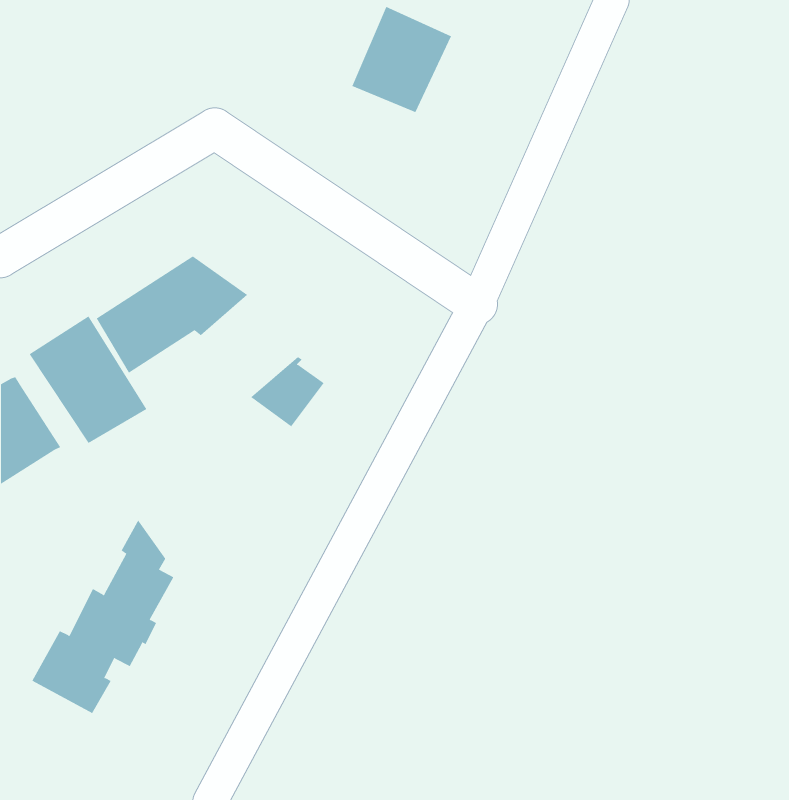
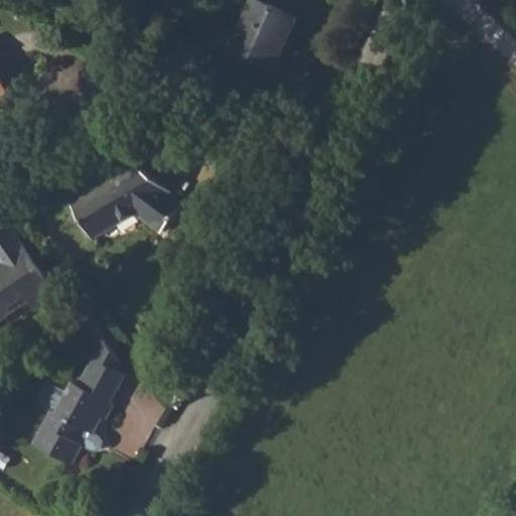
building: [29,316,147,444] -> none
building: [251,356,324,427] -> [137,190,184,236]

